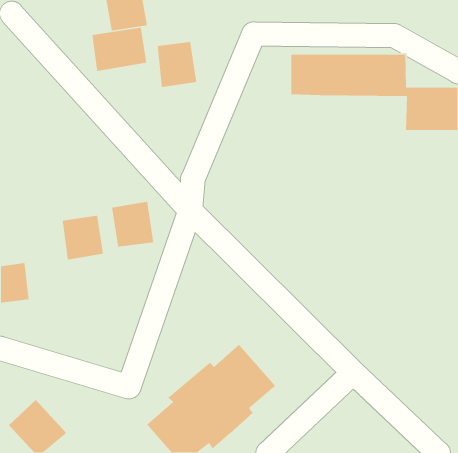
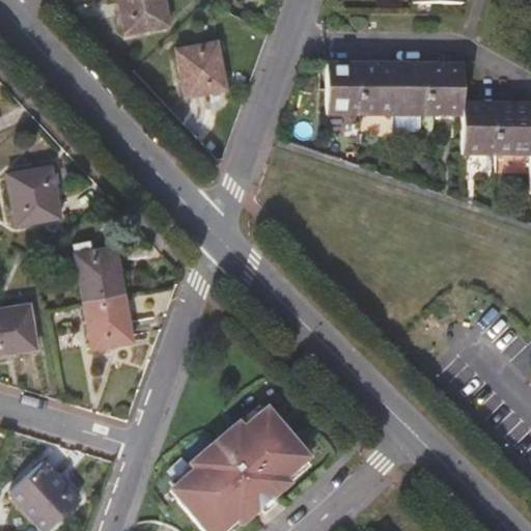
building: [91,27,147,72] -> none
building: none -> [7,167,58,225]
building: [111,201,154,247] -> [78,295,128,348]

